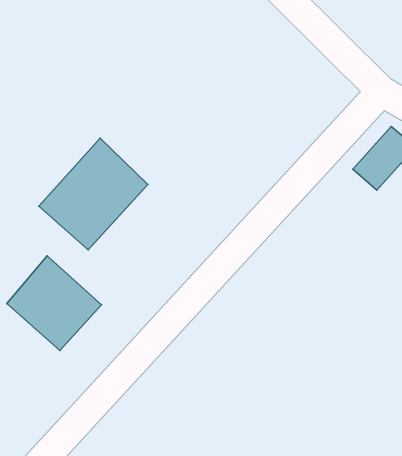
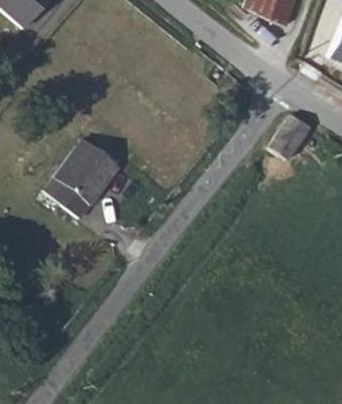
building: [7,256,102,351] -> none

